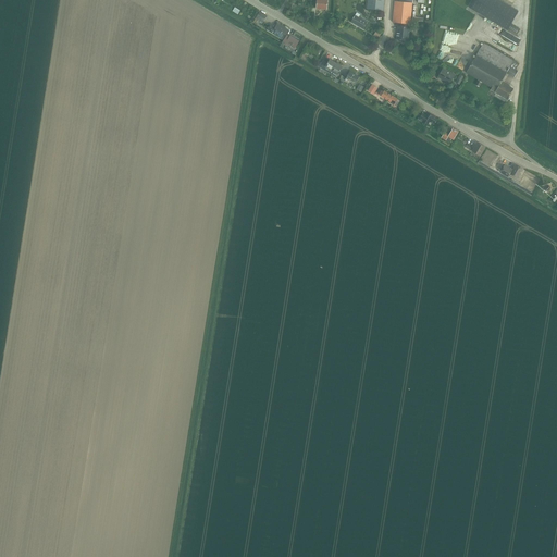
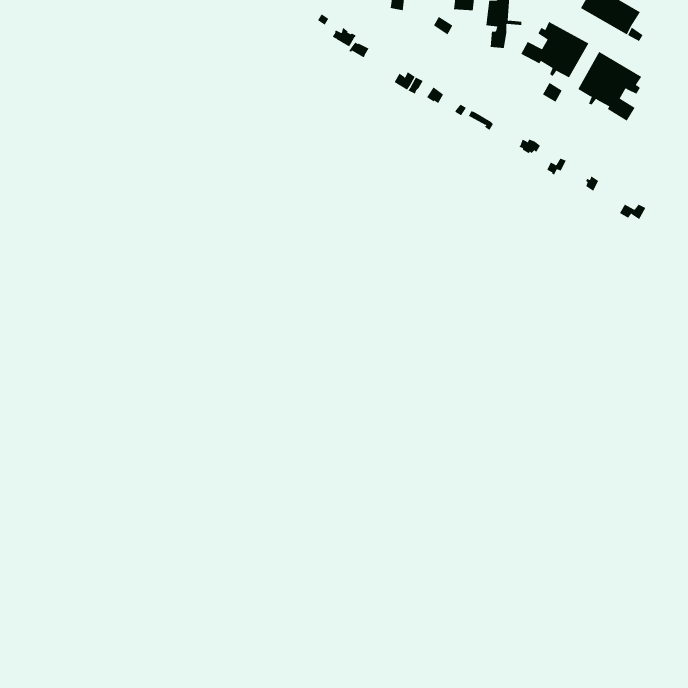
building: none -> [520,21,589,78]

